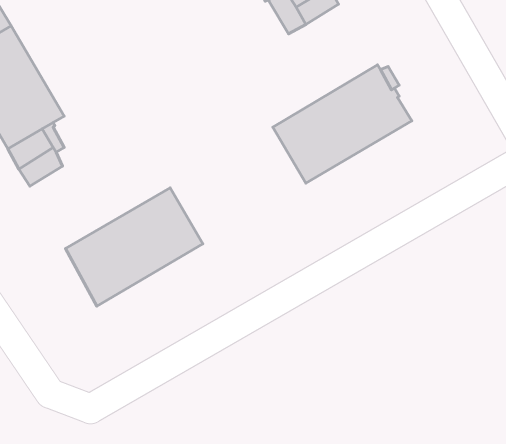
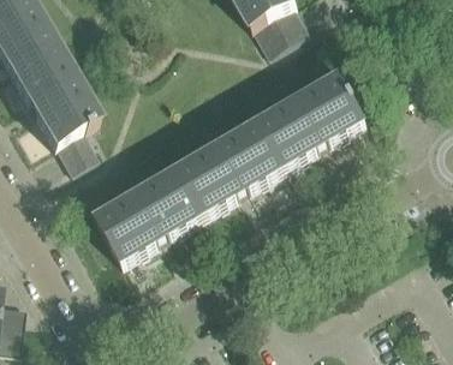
building: none -> [177,119,281,209]

